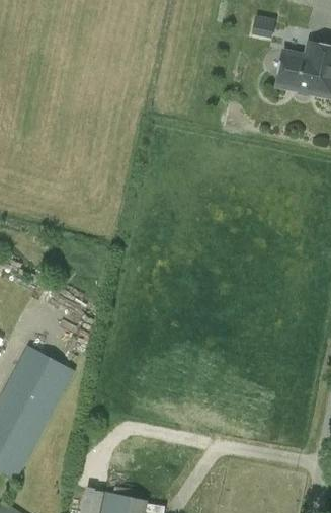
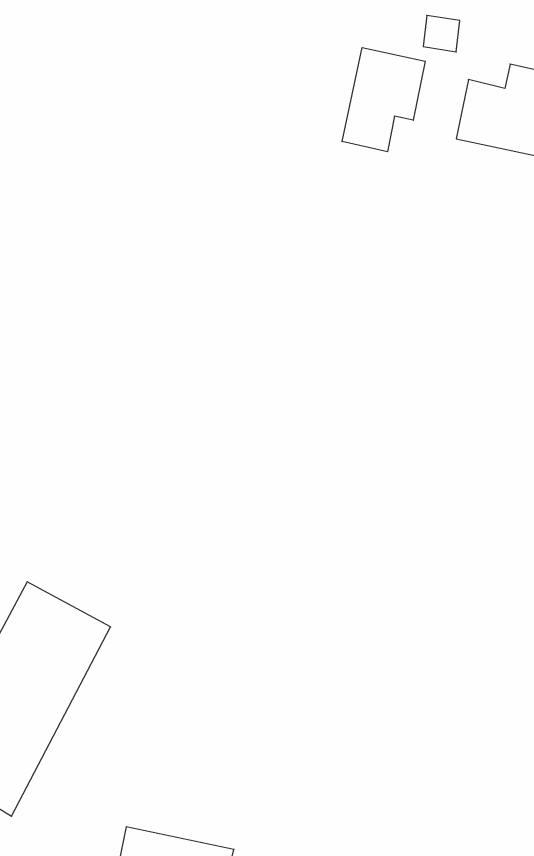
building: none -> [342,48,425,152]

